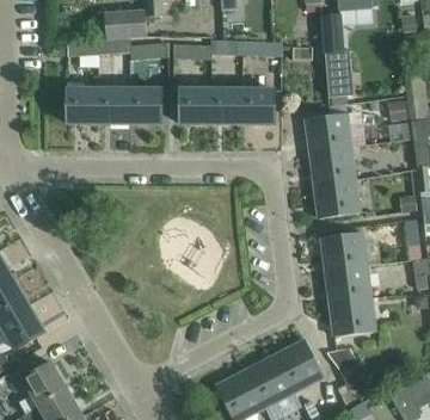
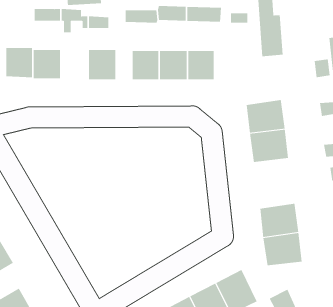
building: [99,88,130,123] -> [6,47,33,78]
building: [306,112,351,152] -> none
building: [321,231,367,270] -> none

